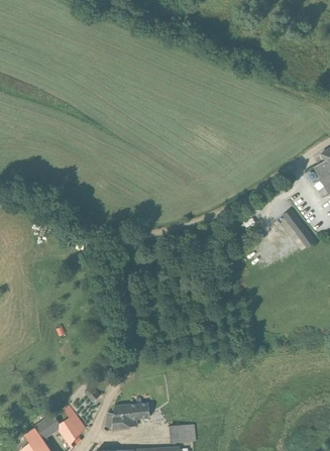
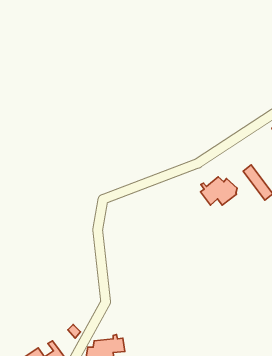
building: none -> [200,177,237,205]

